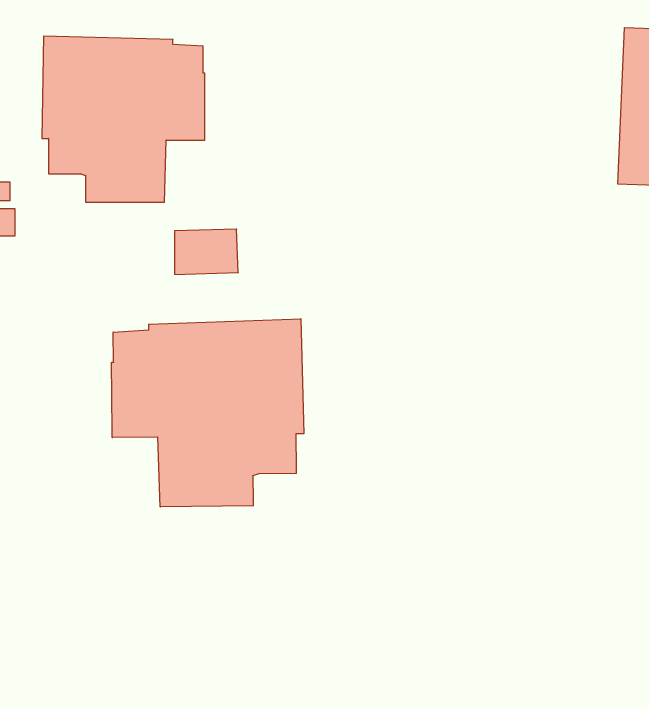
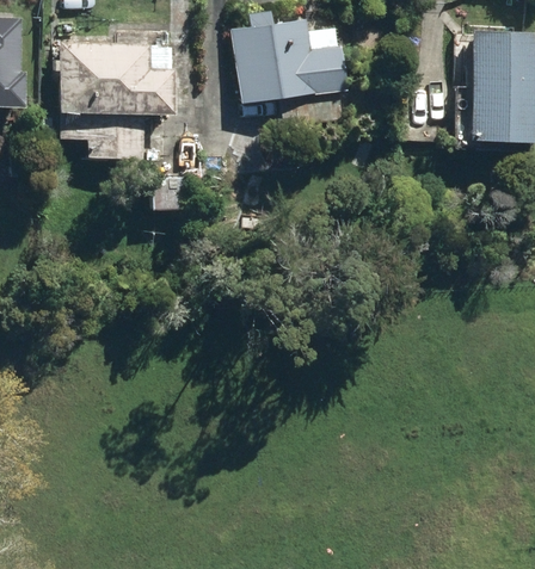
building: none -> [232,19,349,126]
building: [112,319,304,507] -> none

